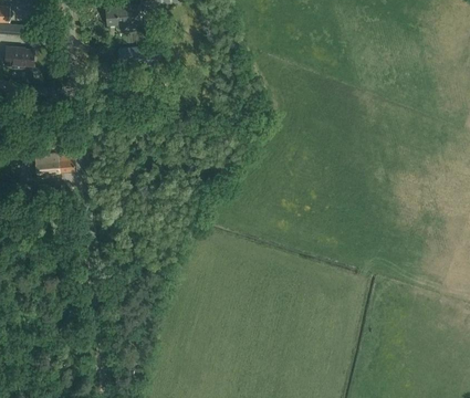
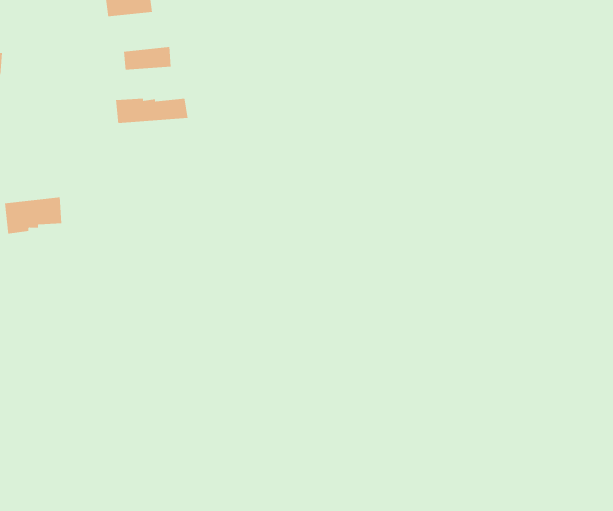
building: none -> [116,98,188,124]

